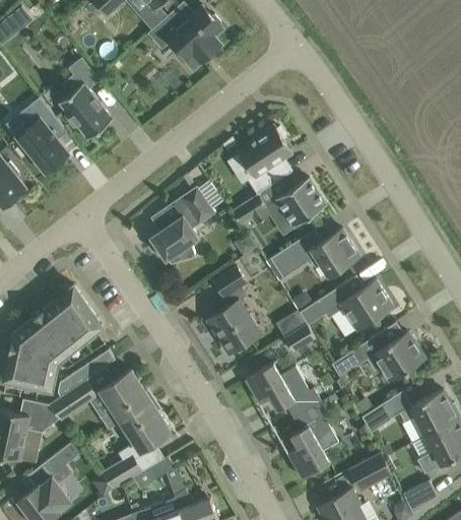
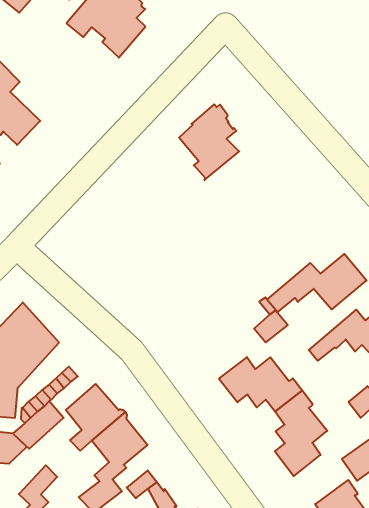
building: [232,179,326,229] -> none
building: [150,187,214,264] -> none
building: [269,230,359,278] -> none
building: [209,267,260,354] -> none

